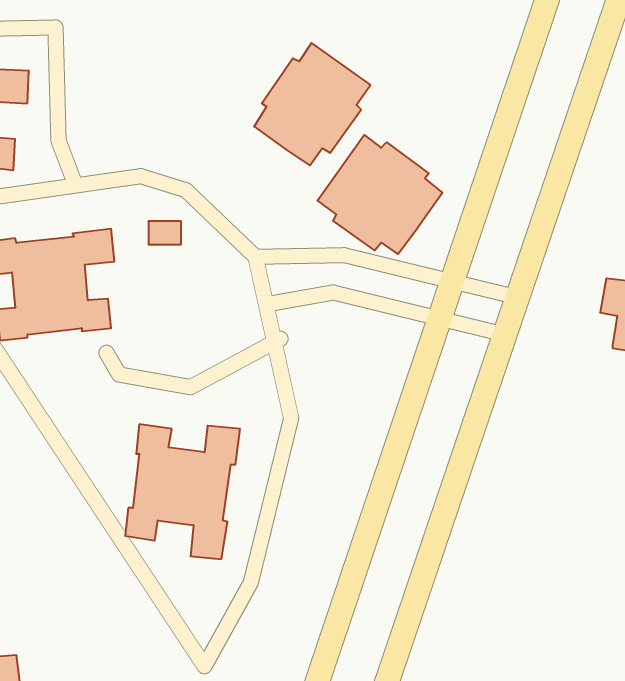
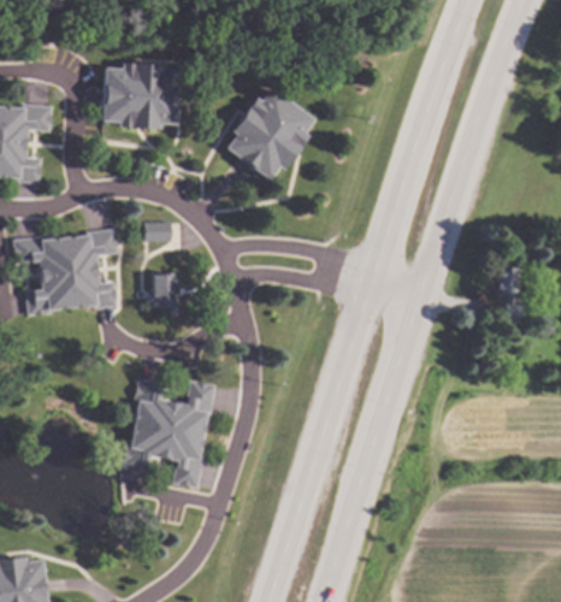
building: none -> [102,64,179,129]
building: [317,135,442,254] -> none
building: none -> [152,273,177,315]

